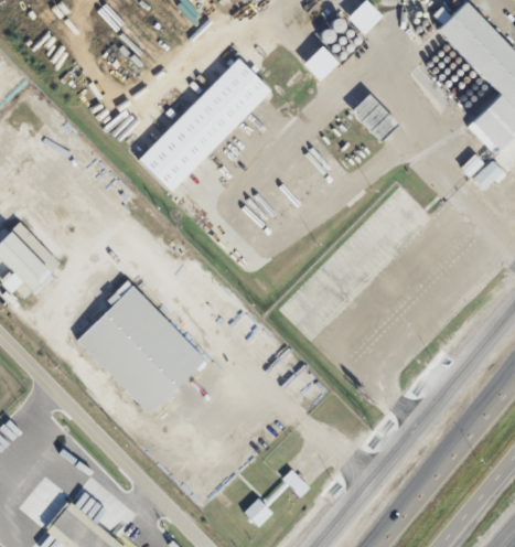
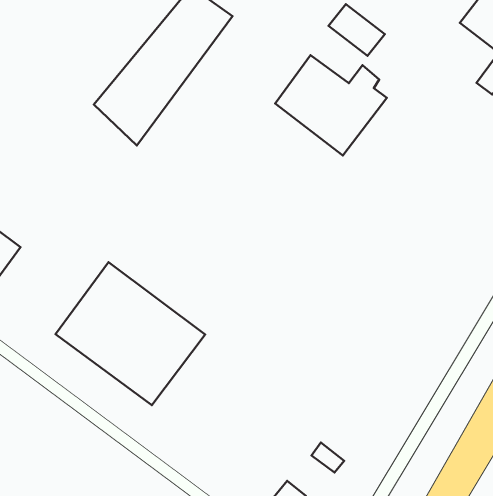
building: none -> [275,55,387,155]

